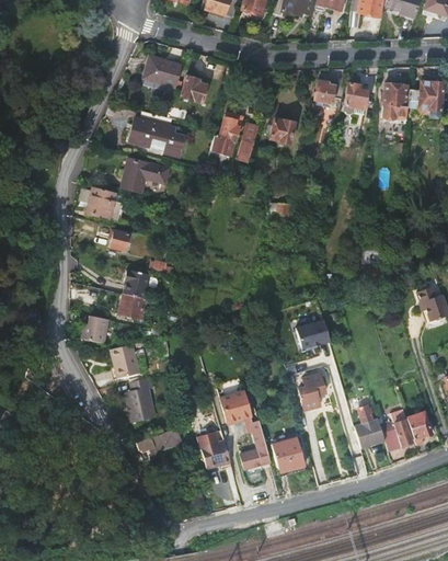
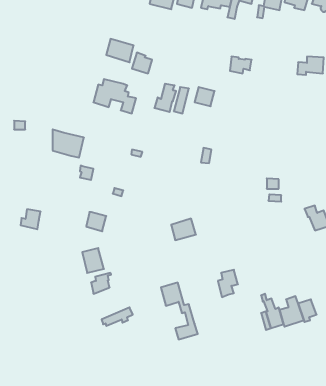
building: [381,82,406,119] -> none
building: [344,83,368,113] -> none
building: [120,160,168,193] -> none
building: [125,270,152,299] -> none
building: [81,316,108,343] -> [21,209,41,229]
building: [297,319,331,348] -> [171,219,196,240]
building: [128,397,154,422] -> none
building: [272,435,305,467] -> none
building: [200,439,230,467] -> none

